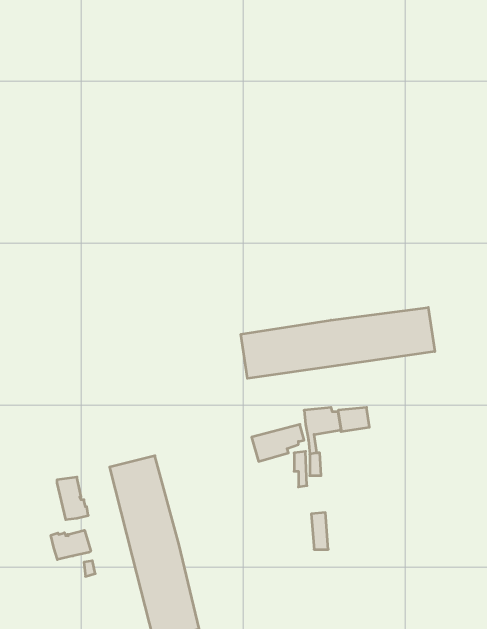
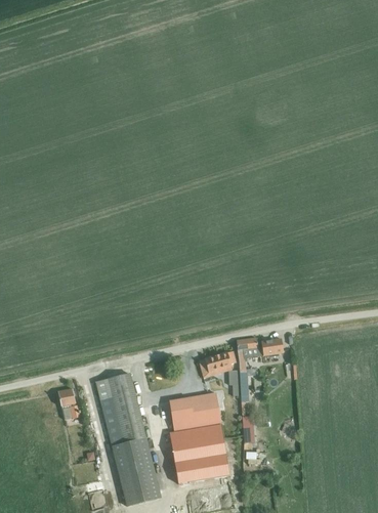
building: [241,307,435,378] -> none
building: none -> [169,393,230,483]
building: [51,530,91,560] -> none

